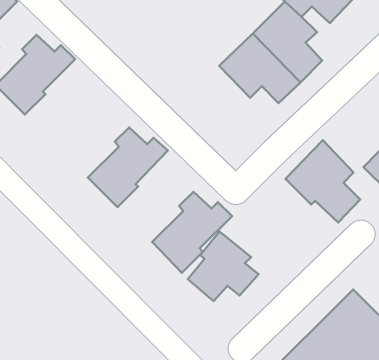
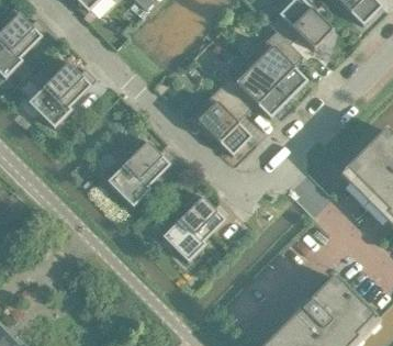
building: [285,140,360,223] -> [188,85,251,155]
building: [188,231,258,301] -> none

